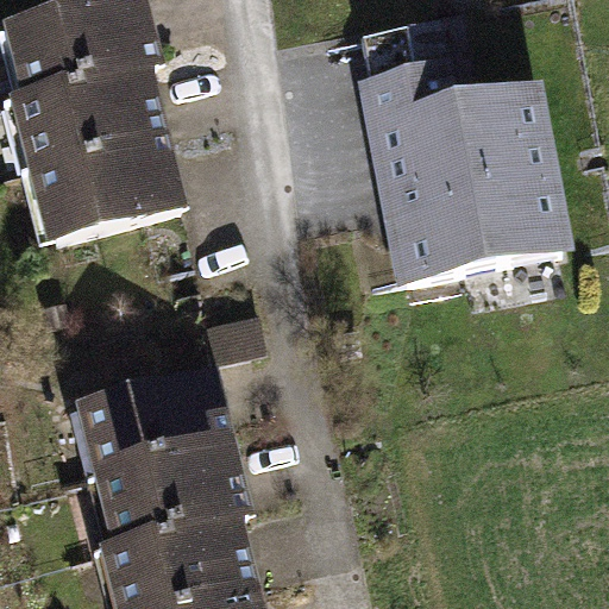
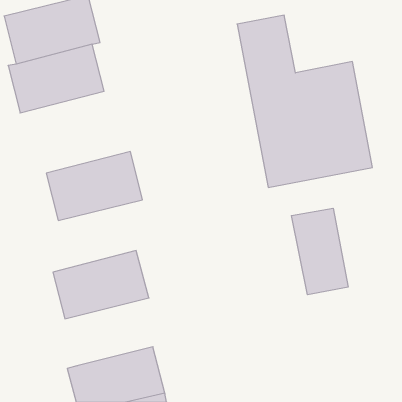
building: [30,136,172,238] -> [46,152,142,220]
building: none -> [291,208,348,295]
building: [96,442,239,544] -> none

